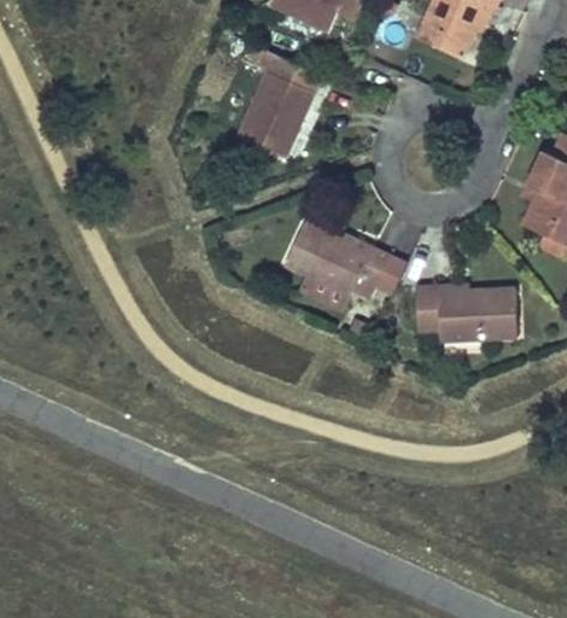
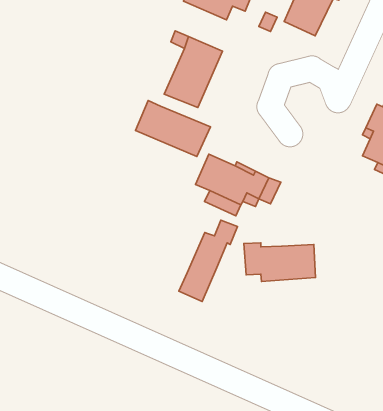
building: none -> [135,100,210,156]
building: [415,286,518,342] -> [244,243,316,282]
building: none -> [179,220,238,301]

